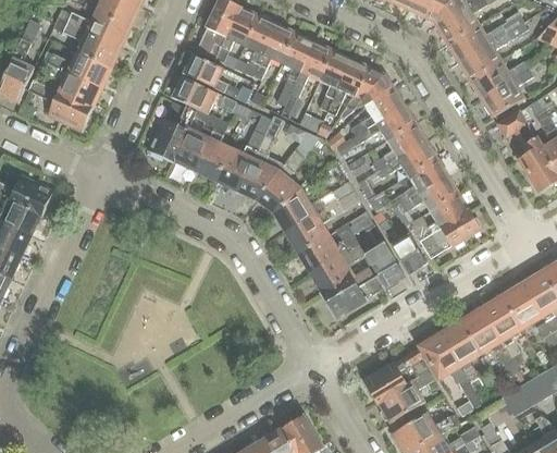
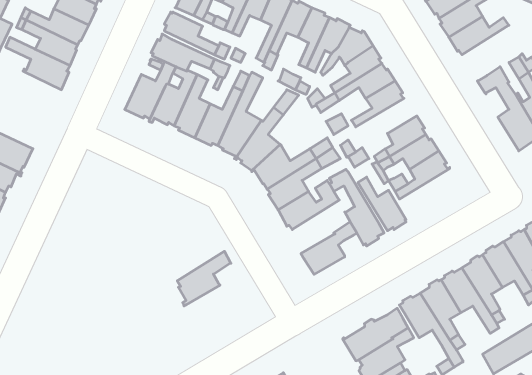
building: [482,68,533,115] -> none
building: [376,140,437,177] -> none
building: [420,210,482,258] -> none
building: [313,242,367,296] -> [177,251,231,306]

